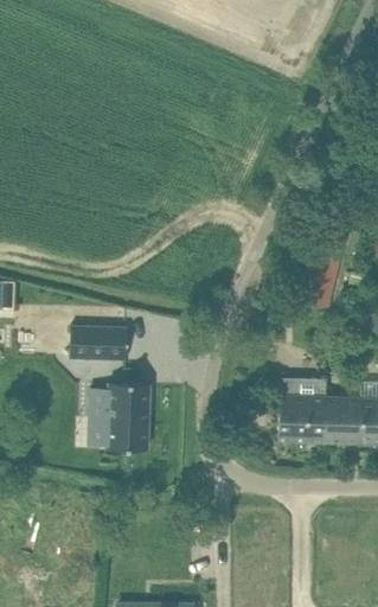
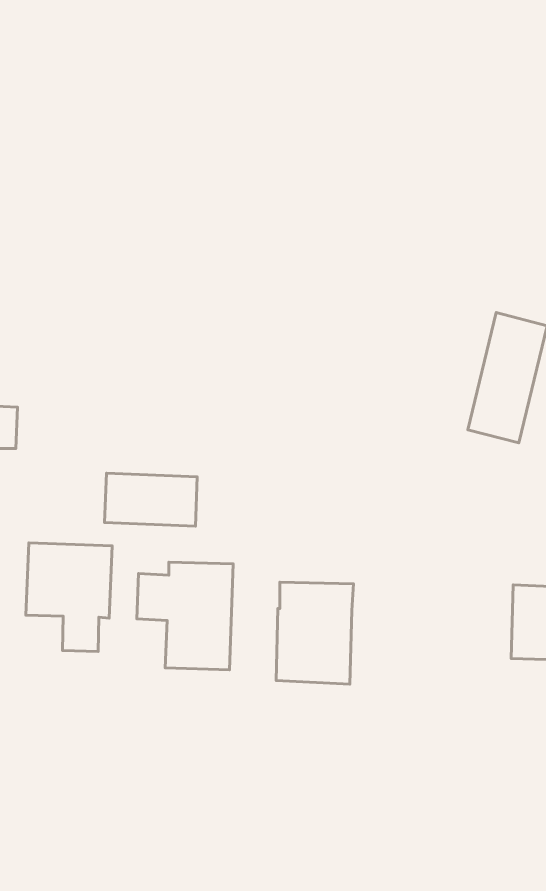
building: none -> [26,543,112,651]
building: [277,379,326,443] -> [276,582,354,684]

